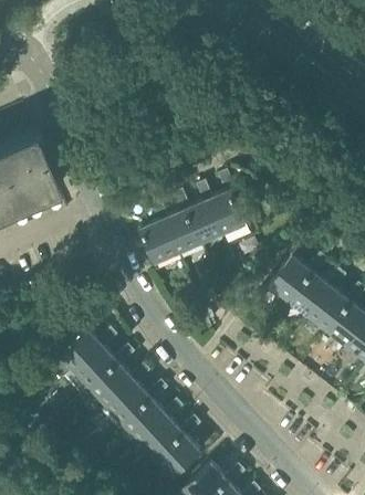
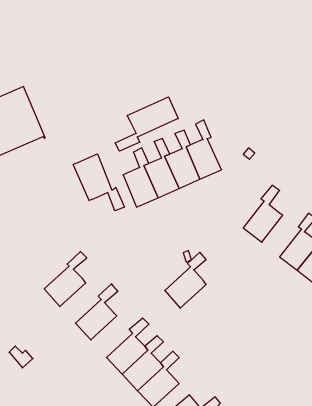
building: none -> [115,97,178,151]
building: none -> [73,154,125,211]
building: [292,260,334,323] -> none
building: [76,335,121,393] -> none
building: [110,370,154,430] -> [165,252,206,308]

